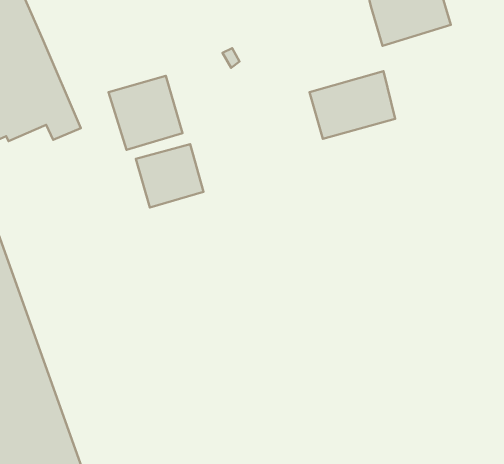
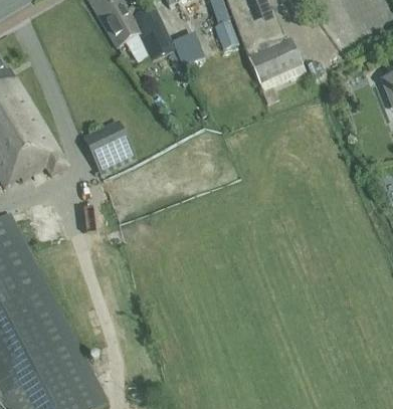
building: [310,71,395,139] -> none
building: [136,144,203,207] -> none

